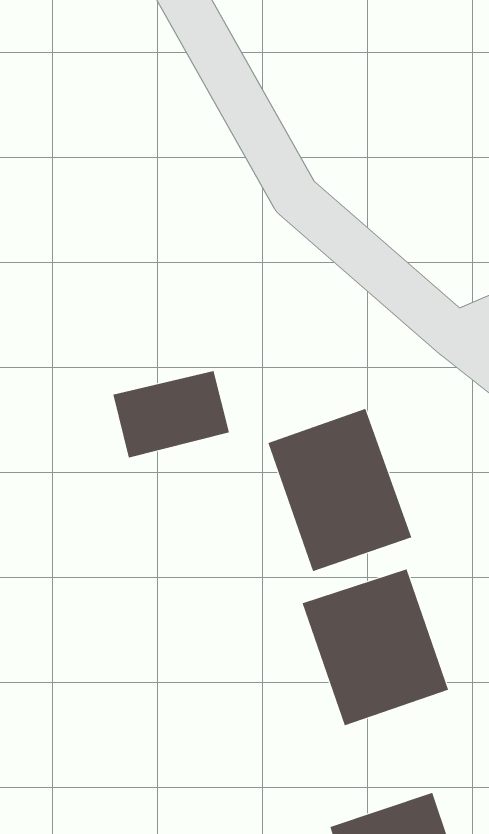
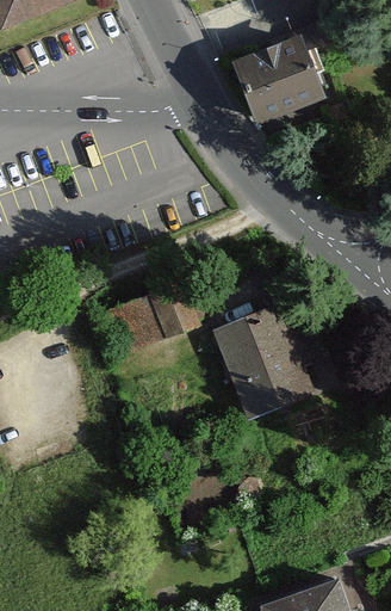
building: none -> [219,32,315,123]
building: [302,568,449,726] -> none

